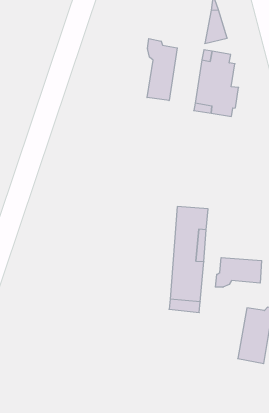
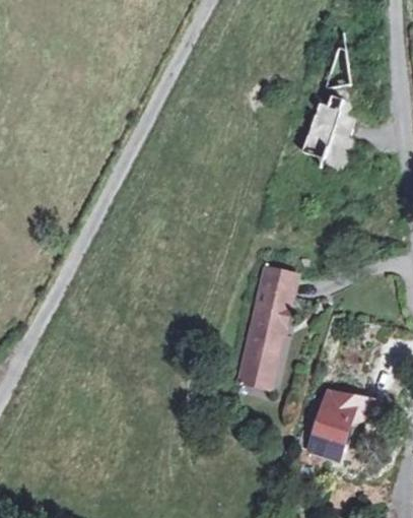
building: [147,39,177,101] -> none
building: [215,258,262,287] -> none

